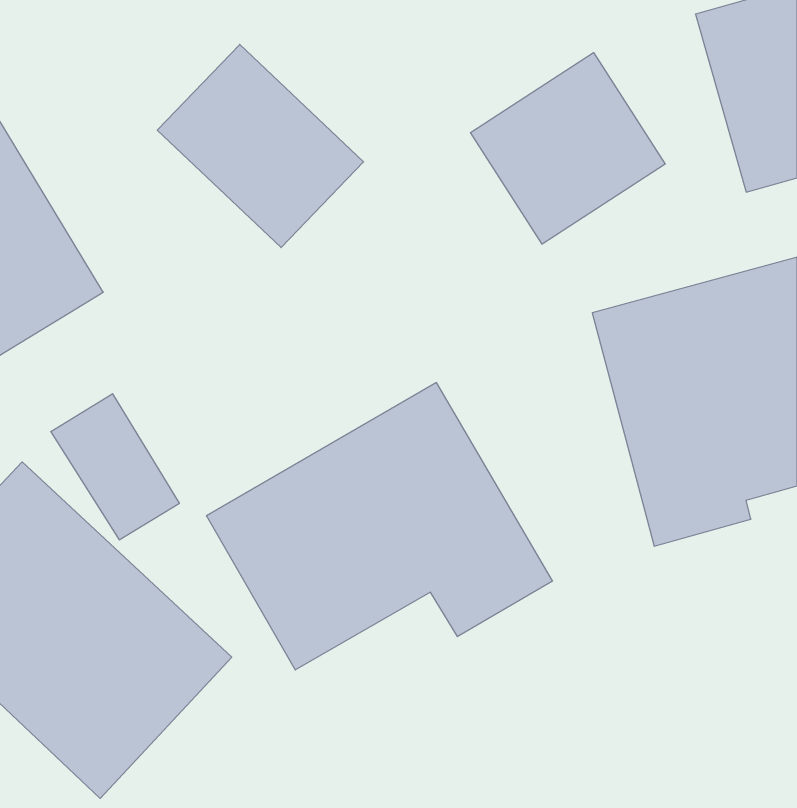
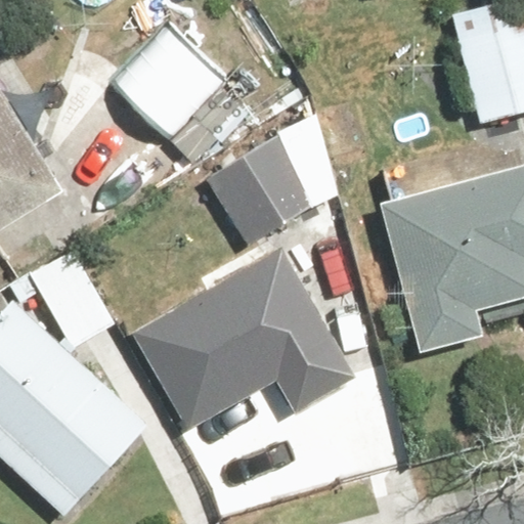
building: [470,53,665,244] -> none
building: none -> [203,128,320,246]

